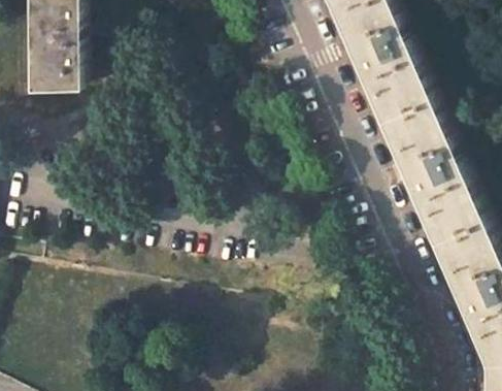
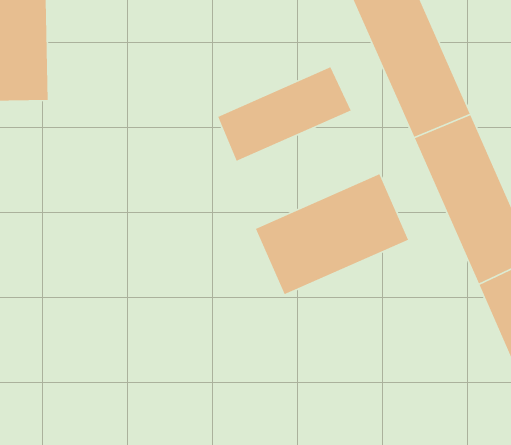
building: none -> [217,66,352,162]
building: none -> [255,173,409,295]

